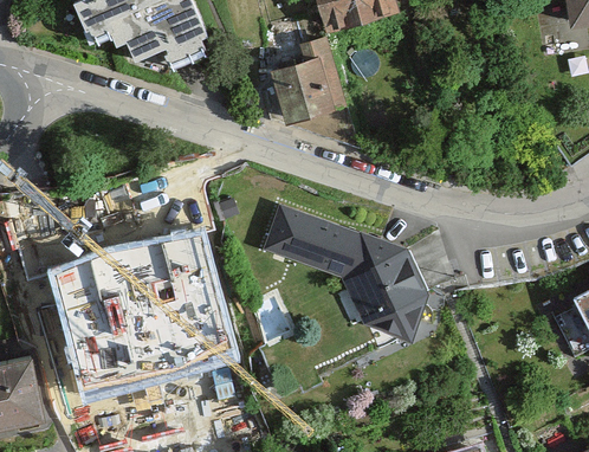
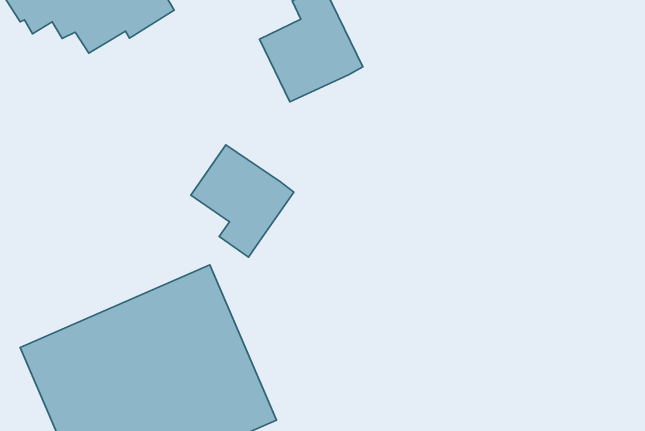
building: none -> [191,145,294,257]
building: [273,205,445,353] -> none

